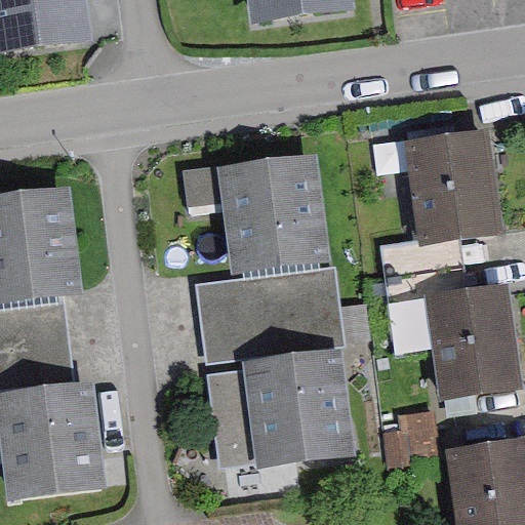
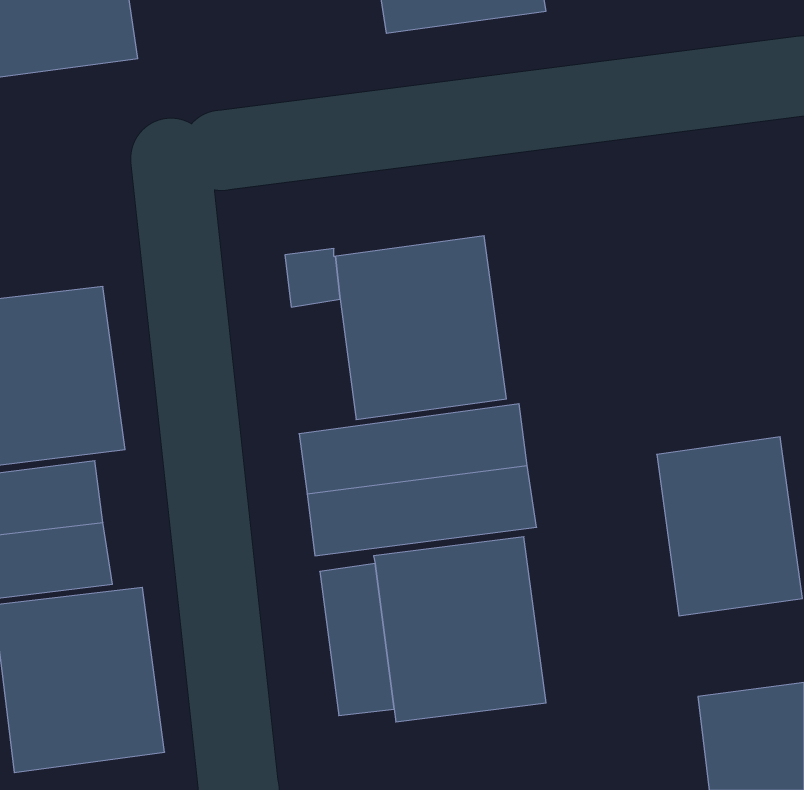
building: [404,129,498,244] -> none

